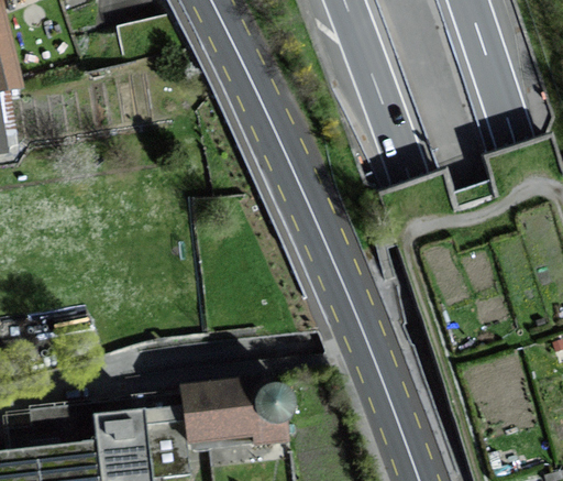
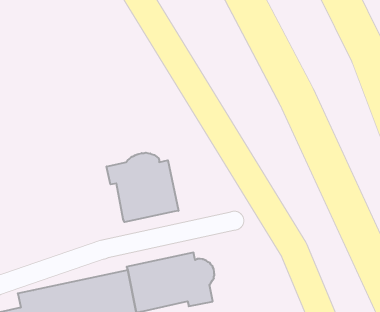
building: none -> [107,153,178,222]

